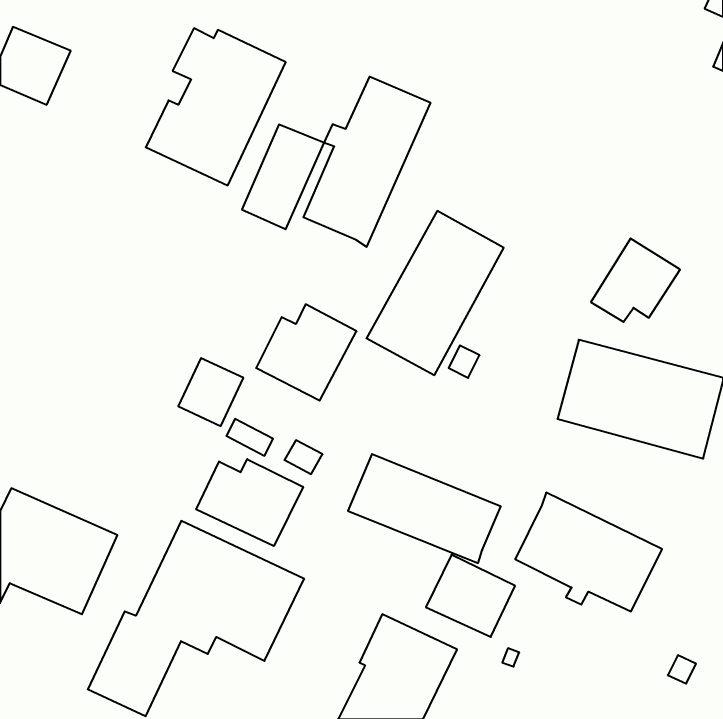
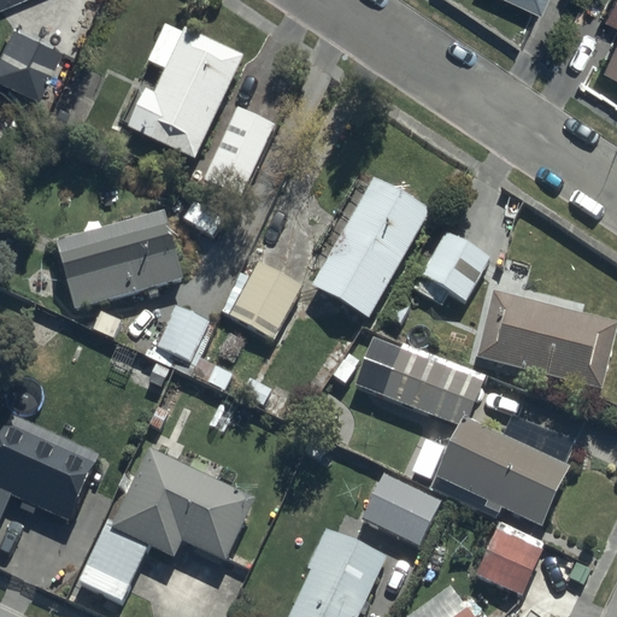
building: [303,77,430,247] -> none
building: [591,238,680,322] -> [412,231,488,302]
building: none -> [54,208,186,308]
building: [348,454,501,563] -> [351,337,481,430]
building: [196,459,303,546] -> none
building: none -> [472,524,546,595]

